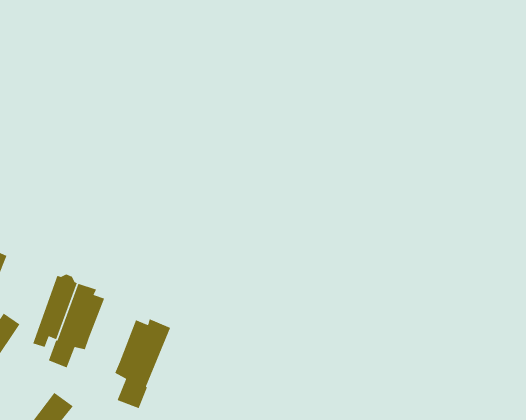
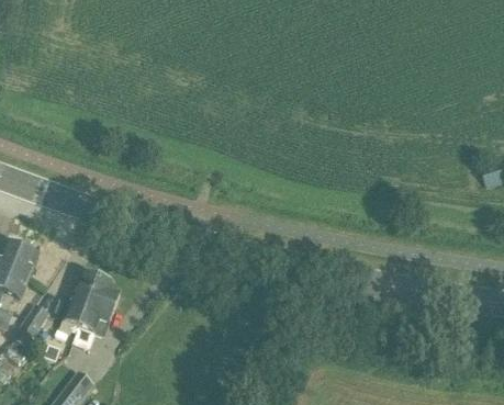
building: [114,318,171,409] -> none

